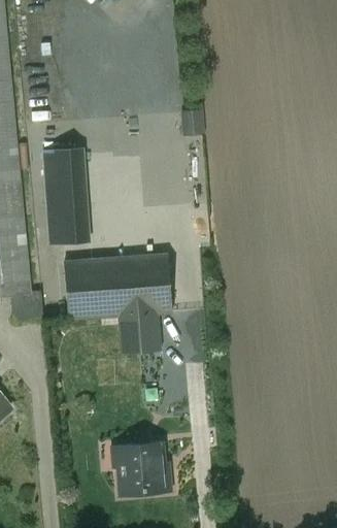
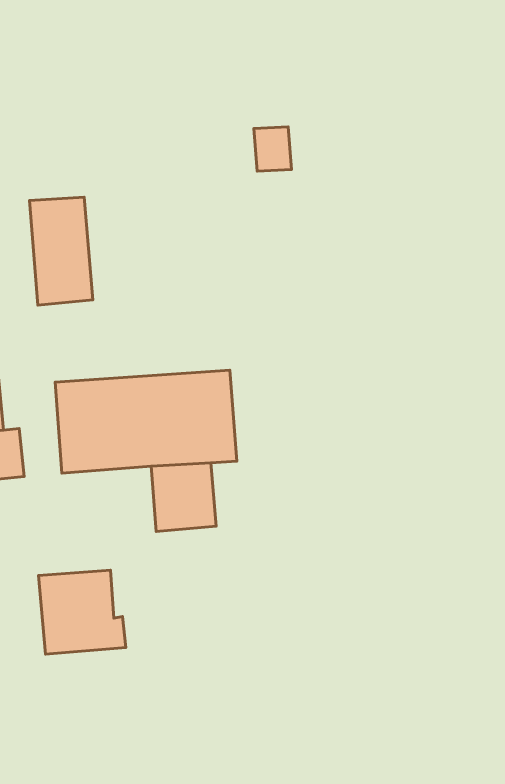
building: [53,212,88,242] -> none
building: [119,443,171,494] -> [39,570,126,654]

